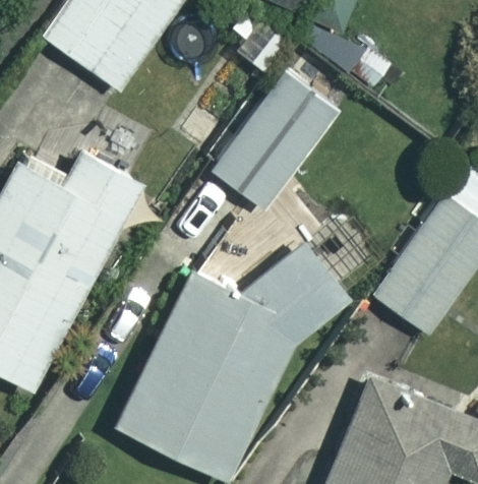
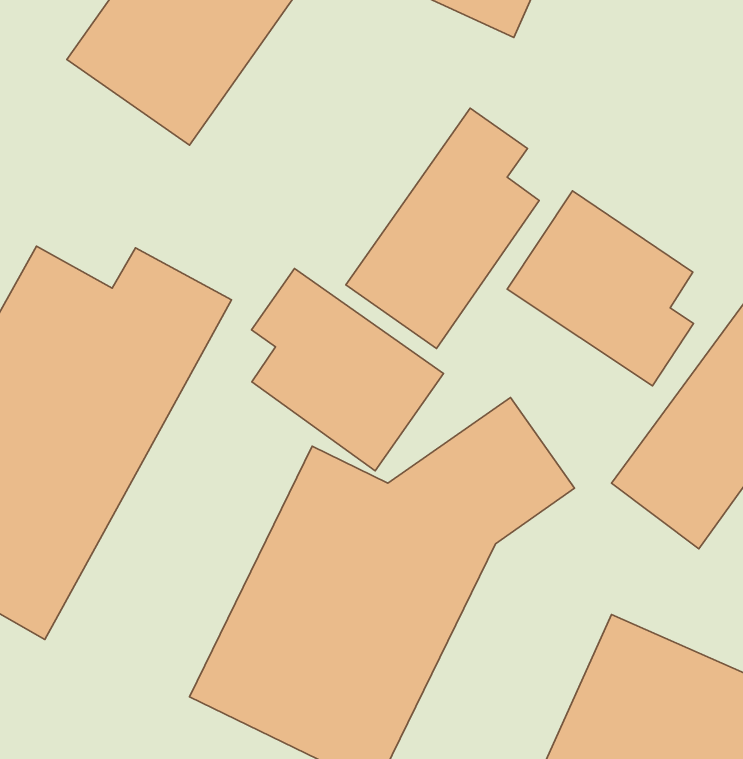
building: none -> [507,191,694,386]
building: none -> [251,268,444,471]

